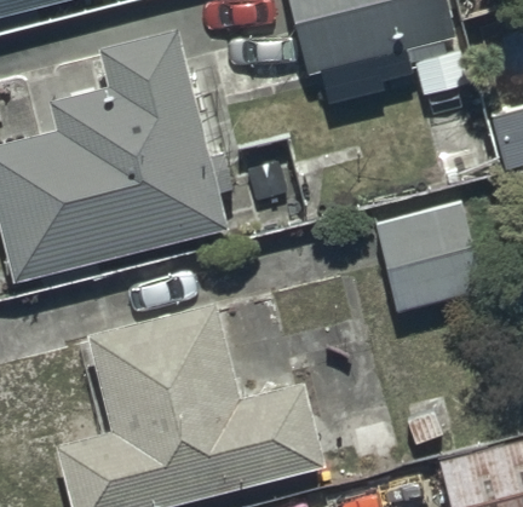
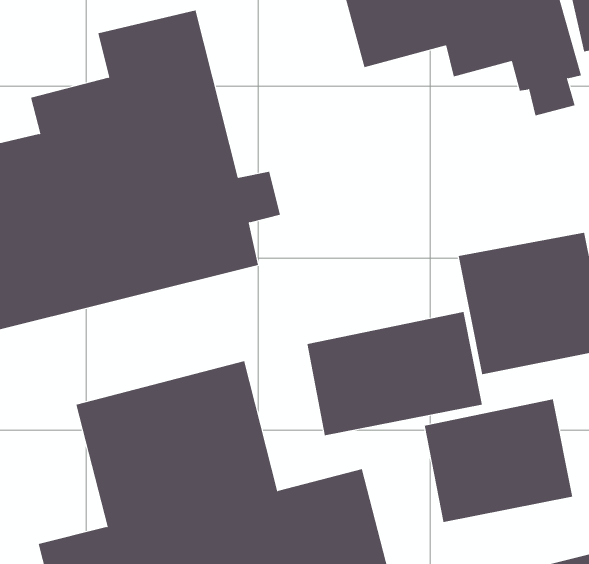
building: none -> [307,311,483,436]
building: none -> [424,399,573,523]

